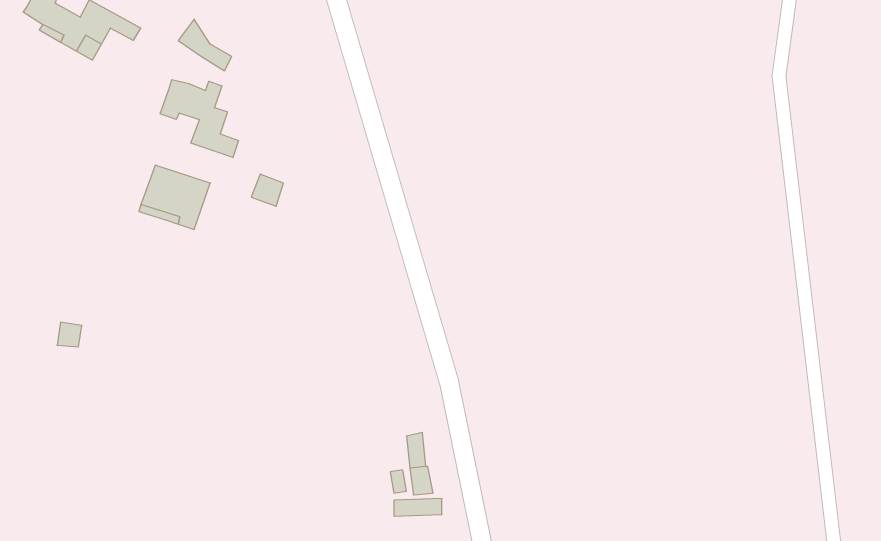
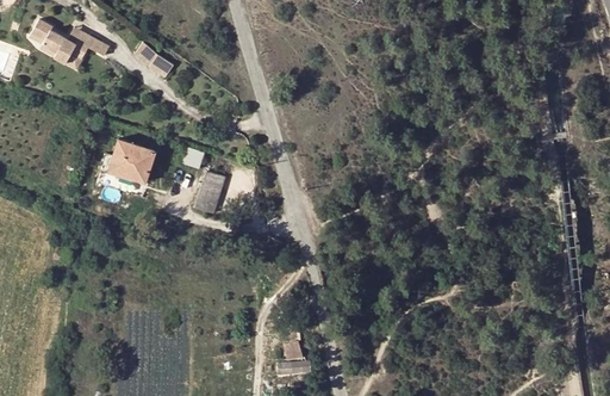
building: [160,80,239,158] -> none
building: none -> [194,171,225,214]

